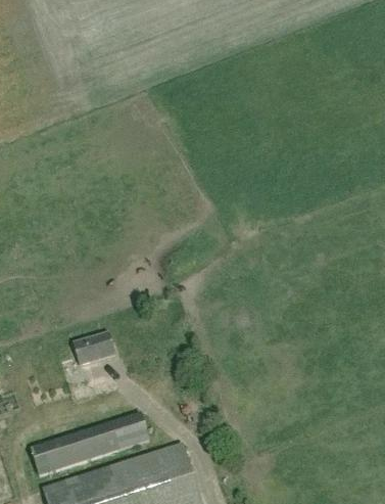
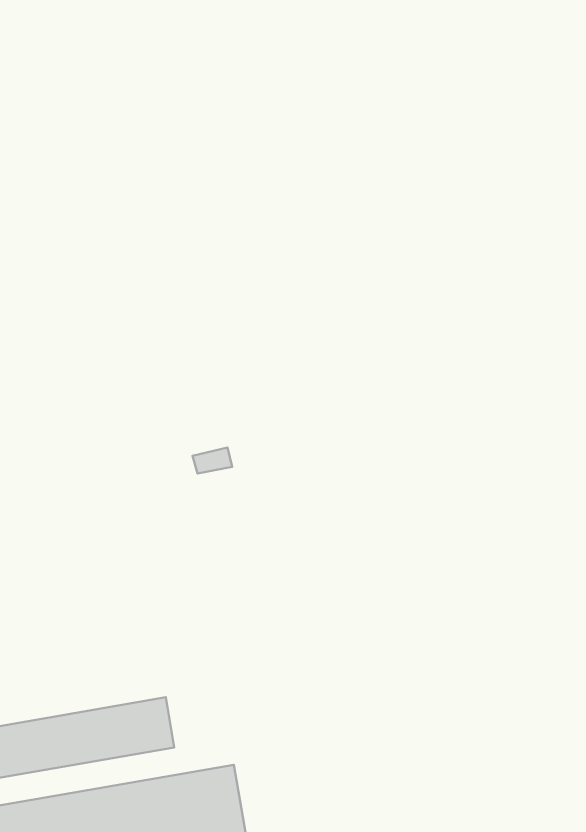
building: [73,332,114,363] -> none

